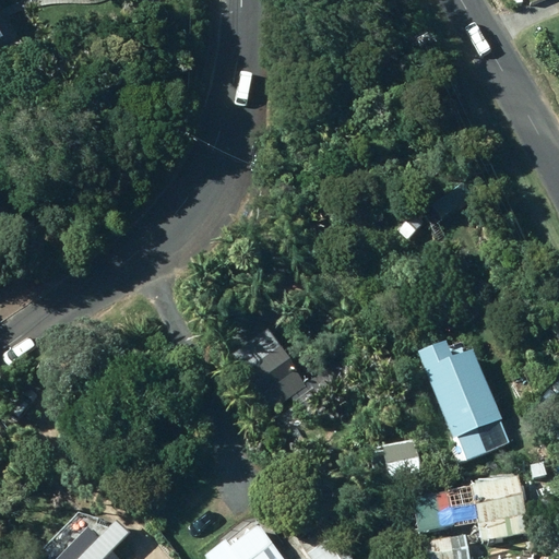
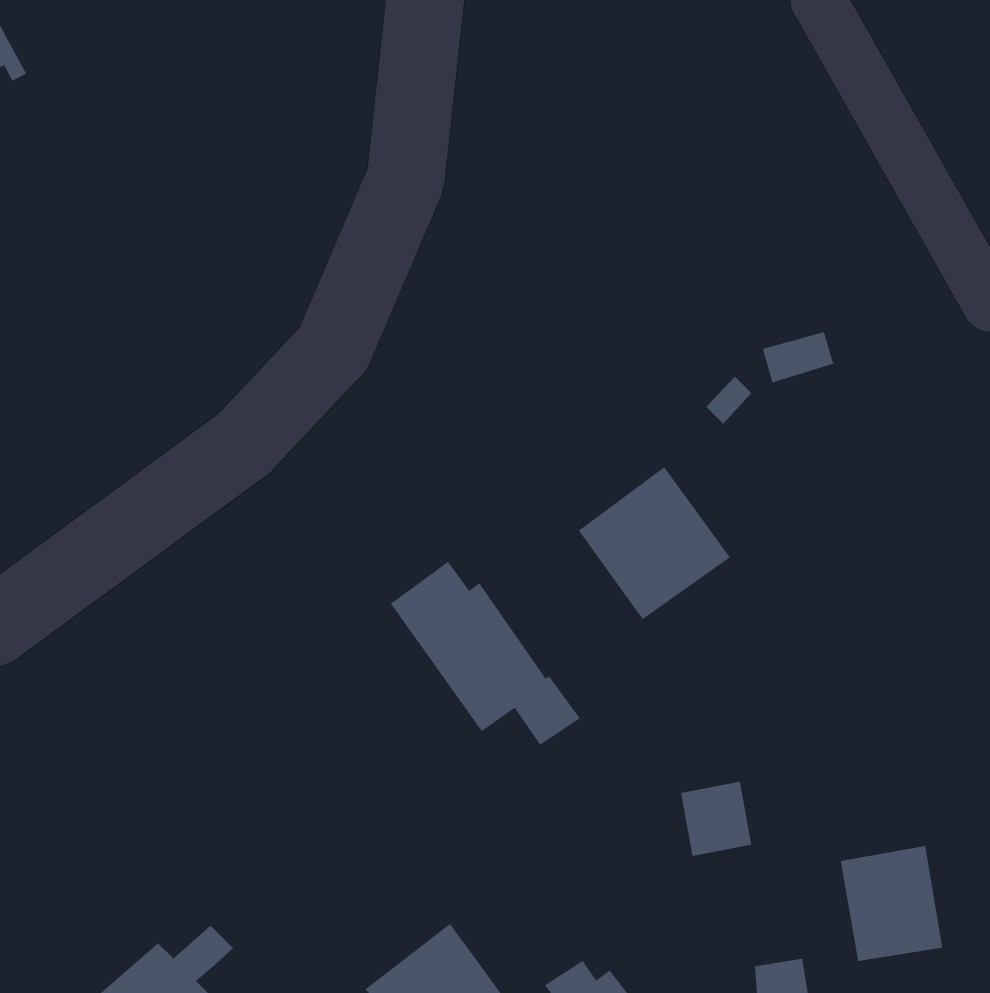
building: none -> [578,466,731,620]
building: [418,340,510,459] -> none

